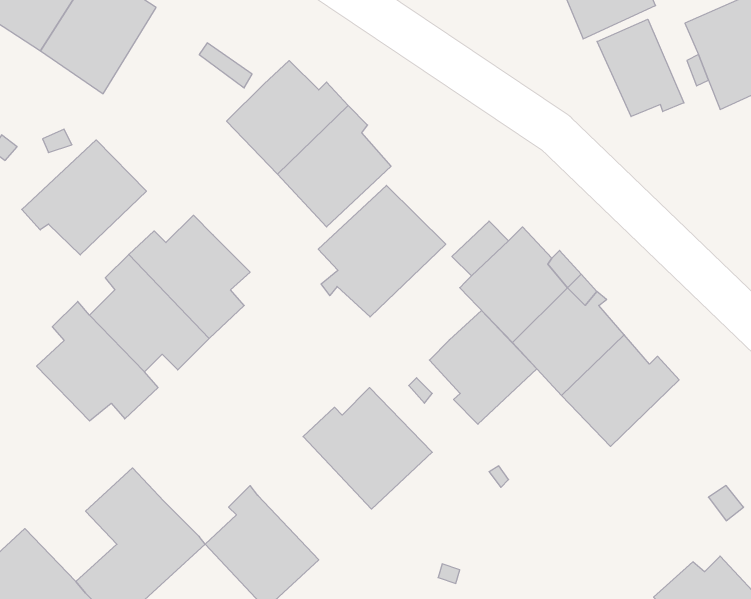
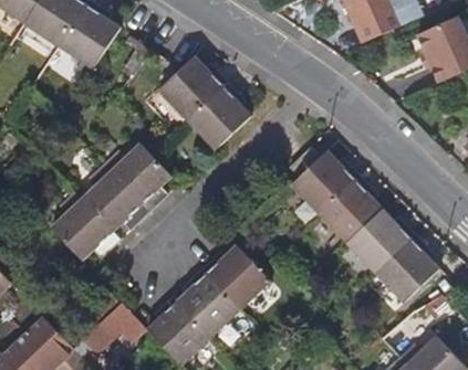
building: [597,19,684,117] -> none
building: [22,140,146,255] -> none
building: [318,185,446,317] -> none
building: [429,311,537,424] -> none
building: none -> [375,236,437,303]
building: none -> [176,268,240,338]

